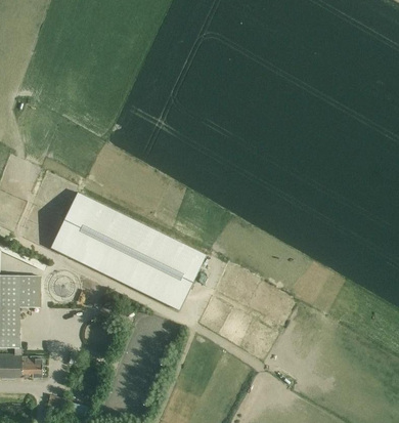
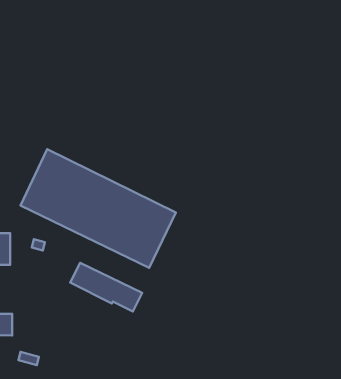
building: none -> [70,263,142,312]

